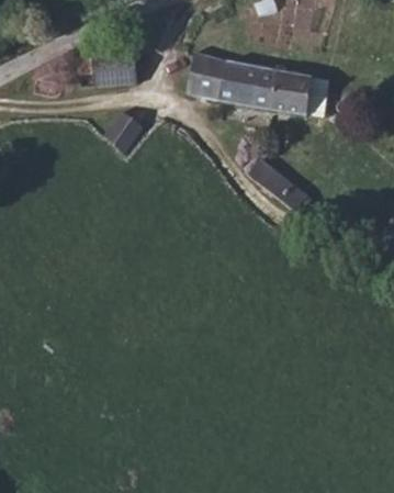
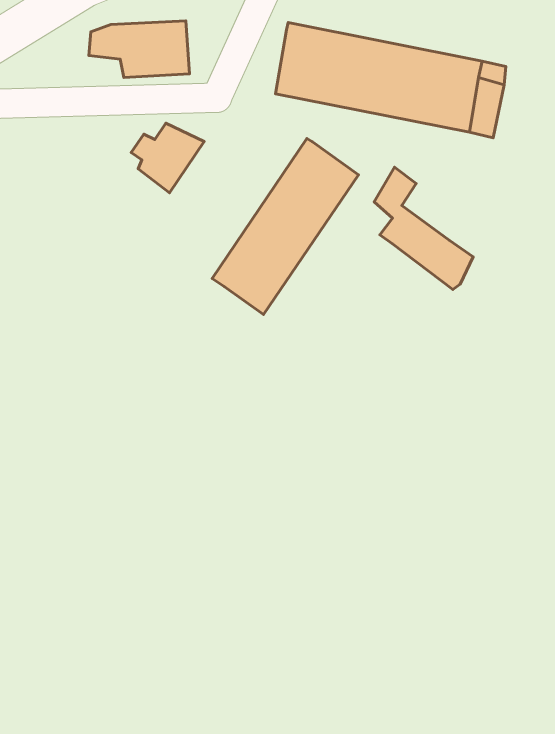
building: none -> [212,138,358,315]

